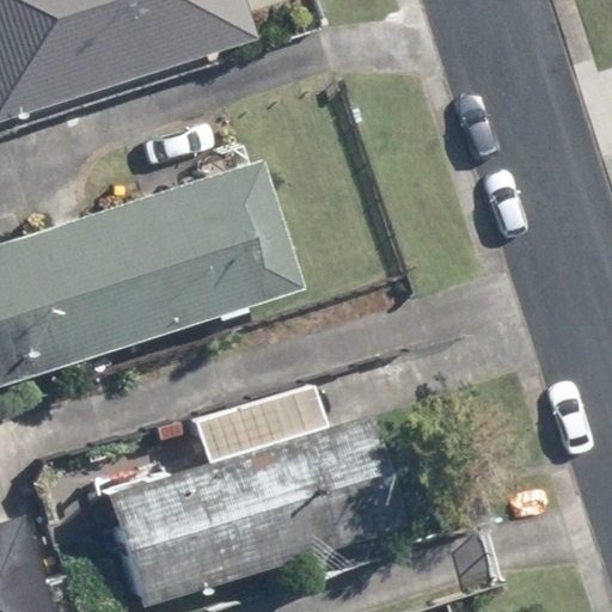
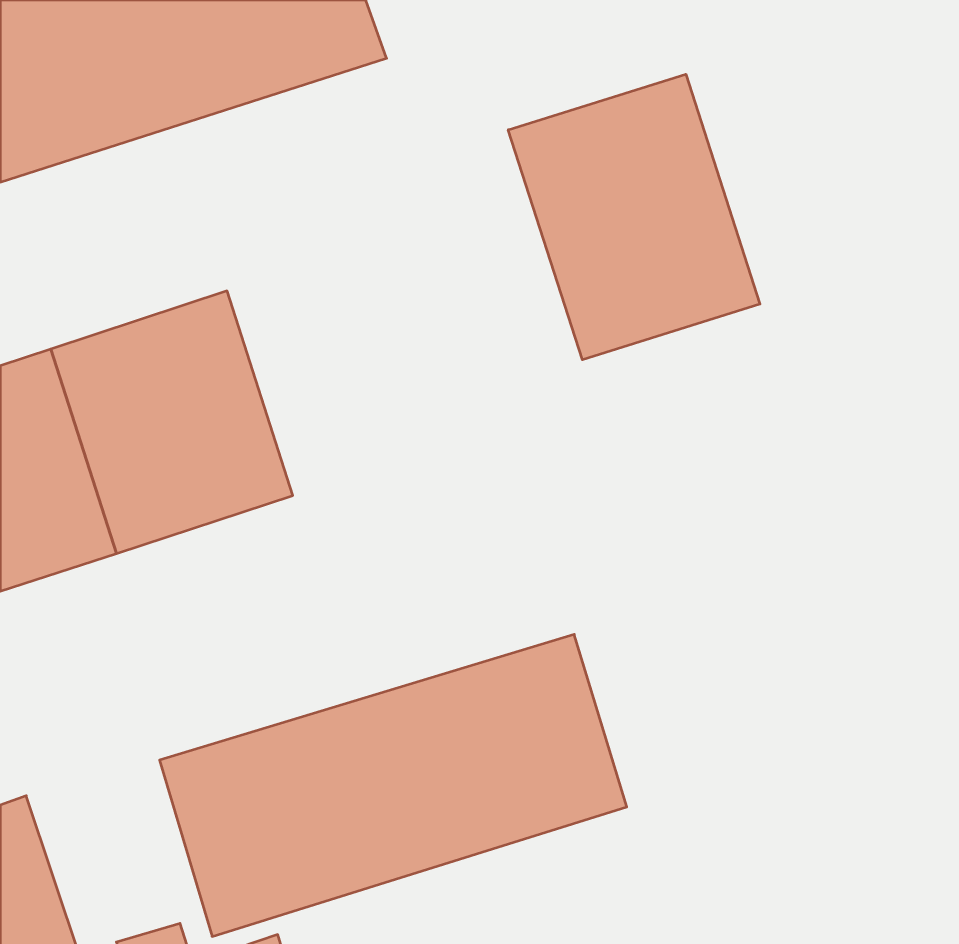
building: none -> [508,74,760,360]
building: [145,159,301,325] -> none

